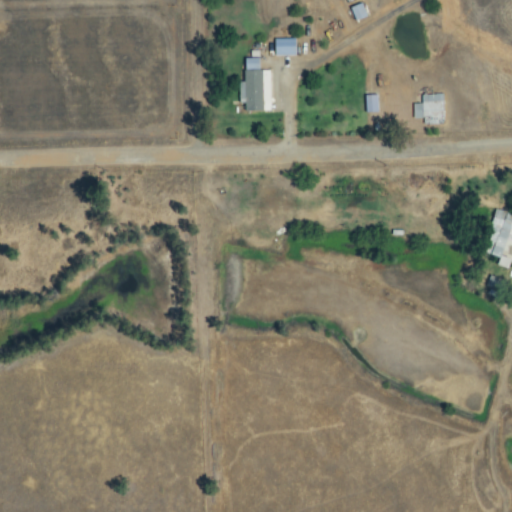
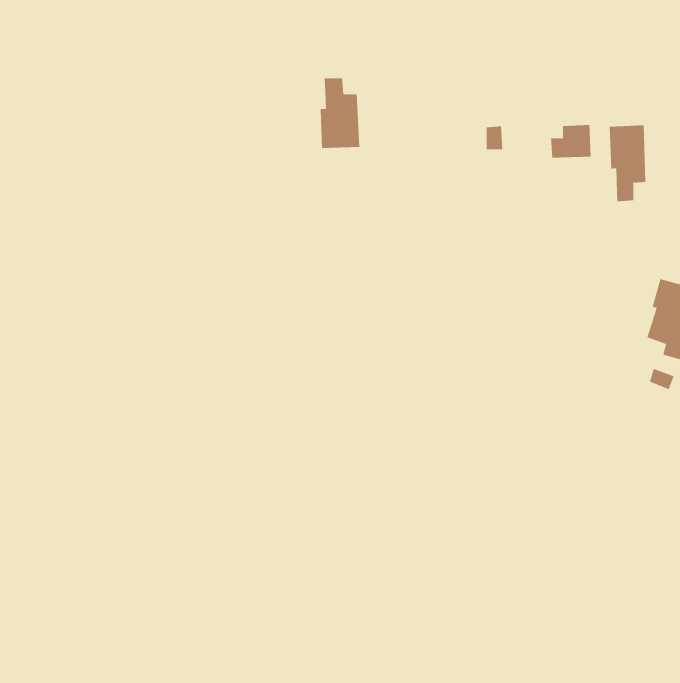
building: [275,38,297,56] -> none
building: none -> [609,125,646,202]

